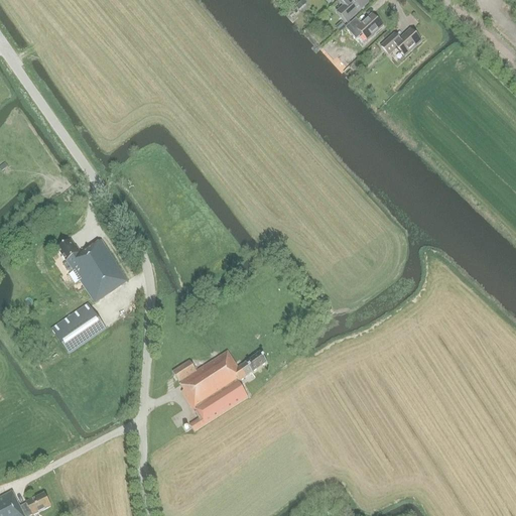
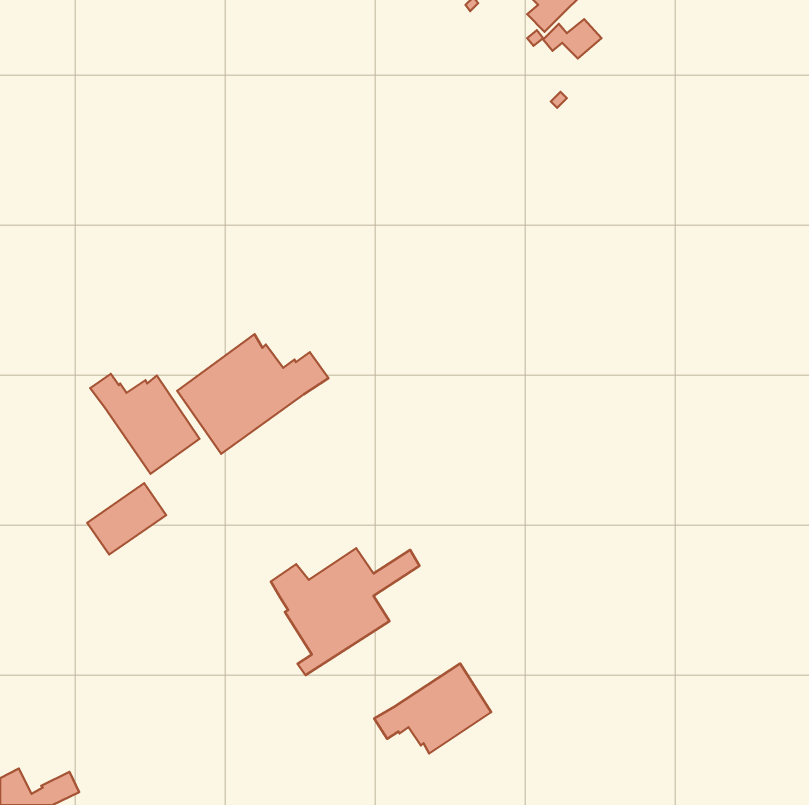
building: [381,27,421,54] -> none
building: none -> [177,334,328,454]
building: none -> [374,663,491,754]

